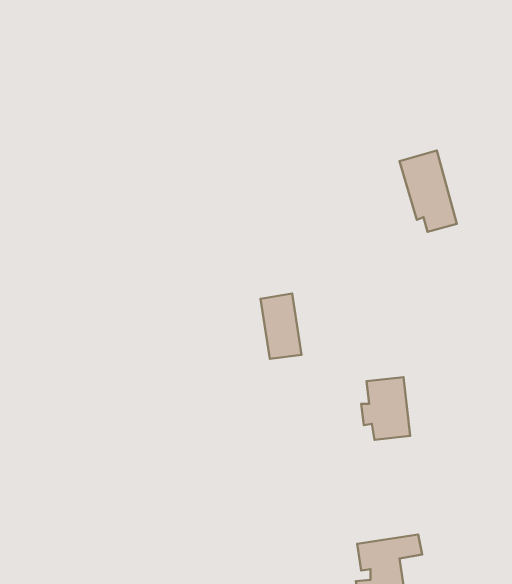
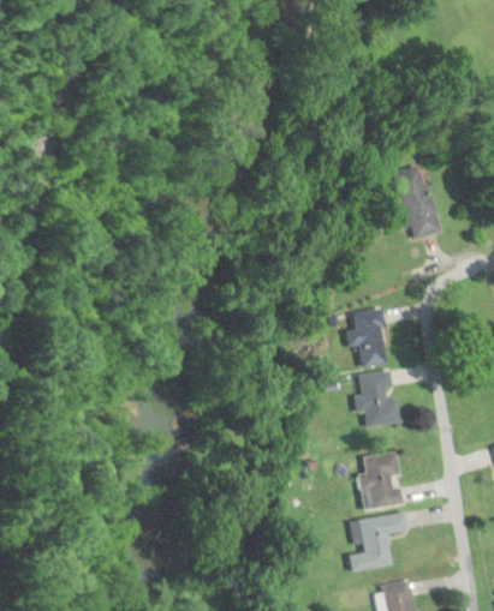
building: [260,293,302,359] -> [352,307,389,366]
building: none -> [358,450,405,510]

